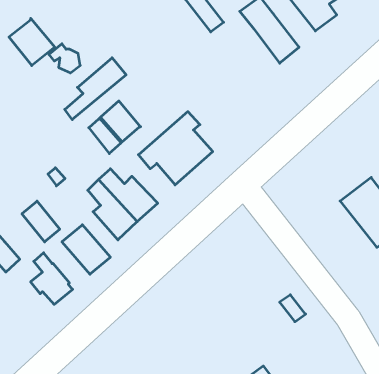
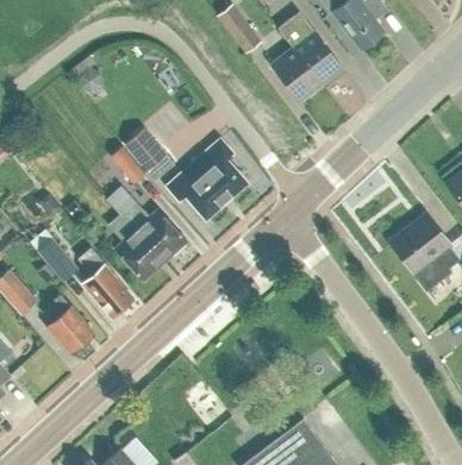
building: [9,18,55,66] -> none
building: none -> [270,48,321,102]
building: [65,58,126,120] -> none

